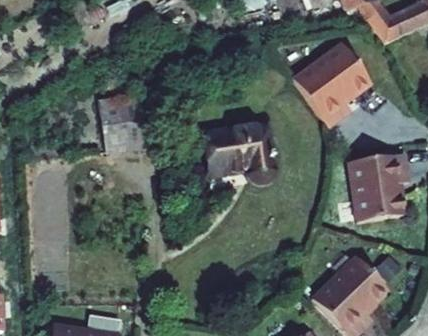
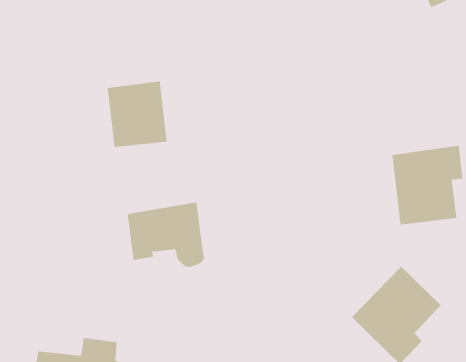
building: [291,47,369,130] -> none
building: [214,130,280,185] -> [127,202,205,268]

